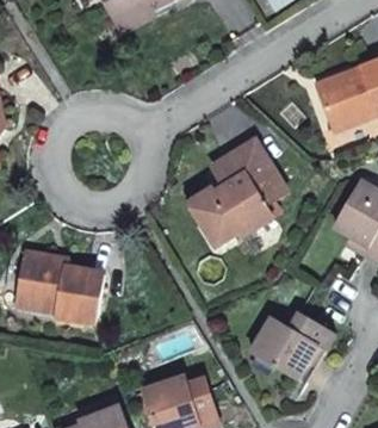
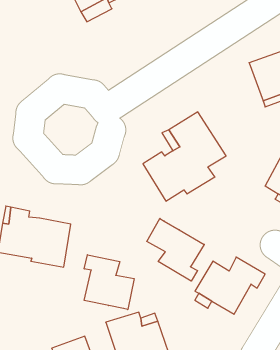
building: none -> [147,218,204,281]
building: none -> [84,255,134,310]

